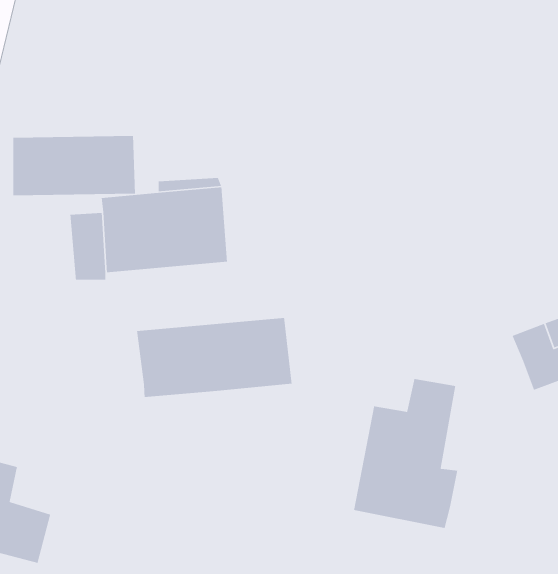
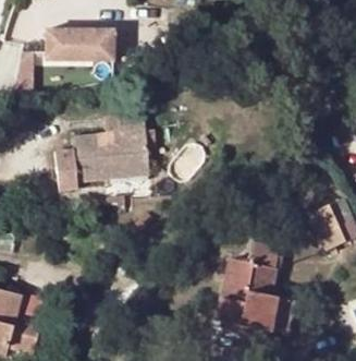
building: [12,135,136,196] -> [45,24,118,60]
building: [136,317,293,398] -> none

